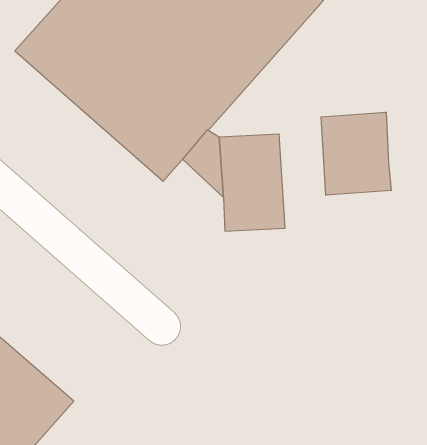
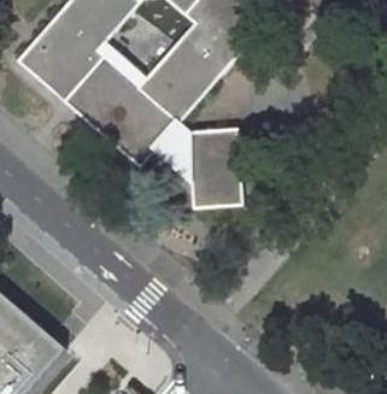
building: [321,112,391,195] -> none

